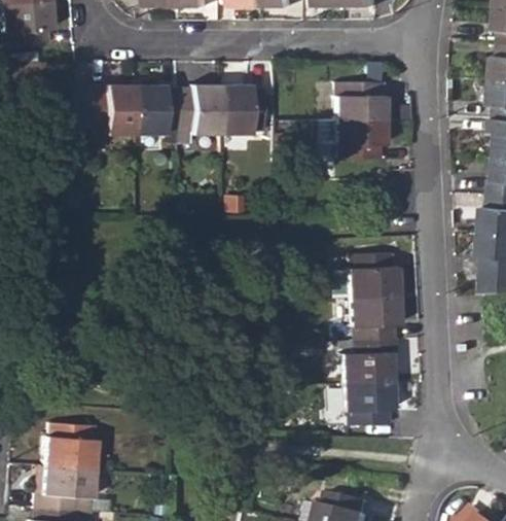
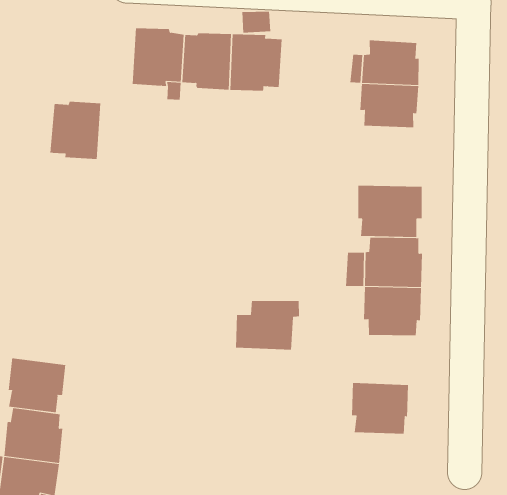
building: [94,84,136,134] -> [50,101,101,160]
building: none -> [358,185,422,238]
building: [342,338,398,382] -> [235,300,300,350]
building: none -> [8,358,66,413]

